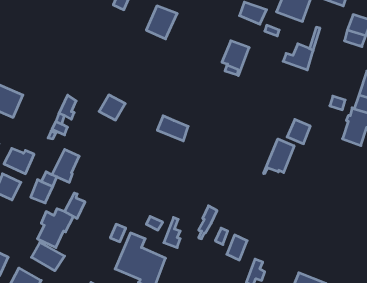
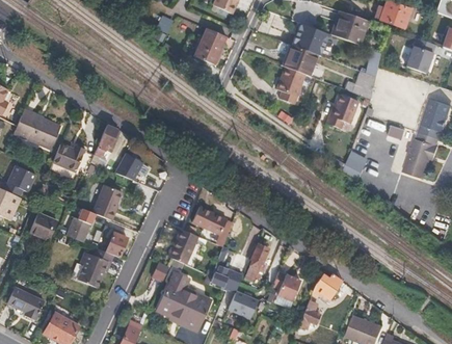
building: none -> [282,45,315,76]
building: none -> [323,95,353,128]
building: [99,95,125,120] -> [115,154,143,181]
building: [157,116,188,141] -> [194,206,228,233]
building: [264,139,294,174] -> none
building: [4,148,34,174] -> [52,143,84,170]
building: none -> [169,228,197,264]
building: none -> [311,273,342,299]
building: [31,242,65,271] -> none
building: none -> [230,292,259,319]

